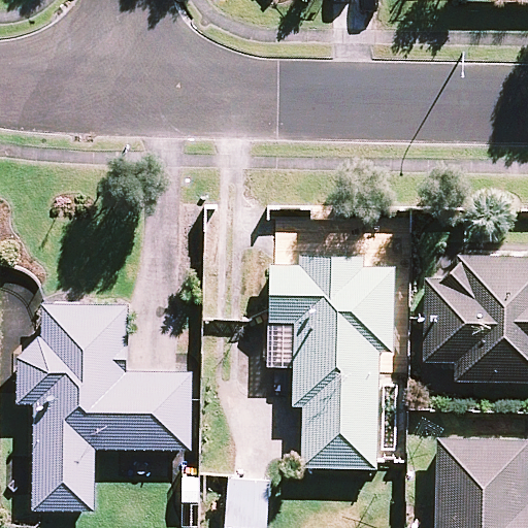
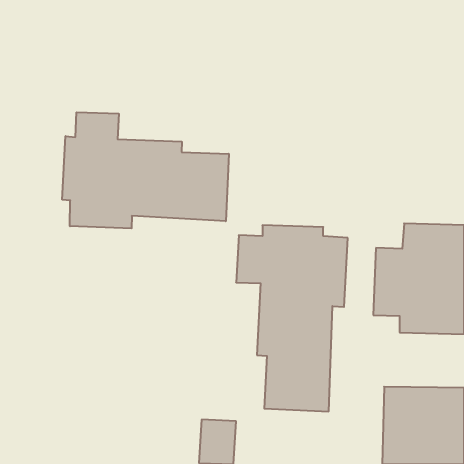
building: none -> [62,112,229,228]
building: [16,304,189,508] -> none

